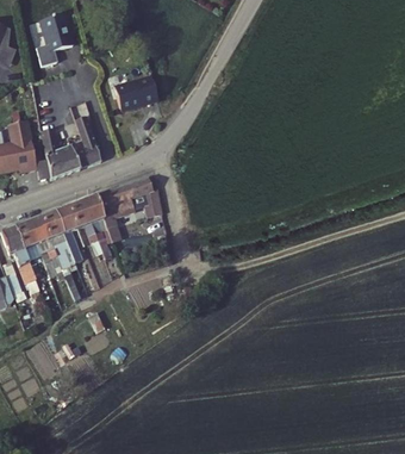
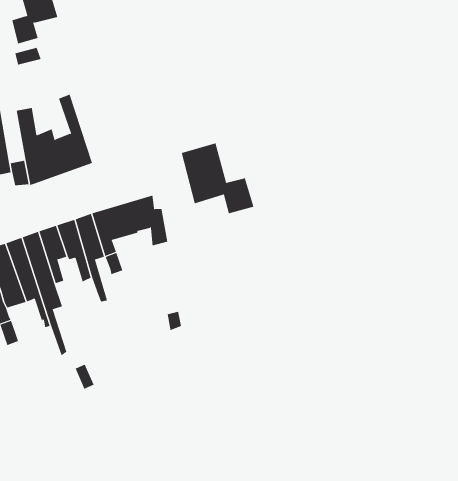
building: [113,74,157,107] -> none
building: none -> [181,143,254,214]

